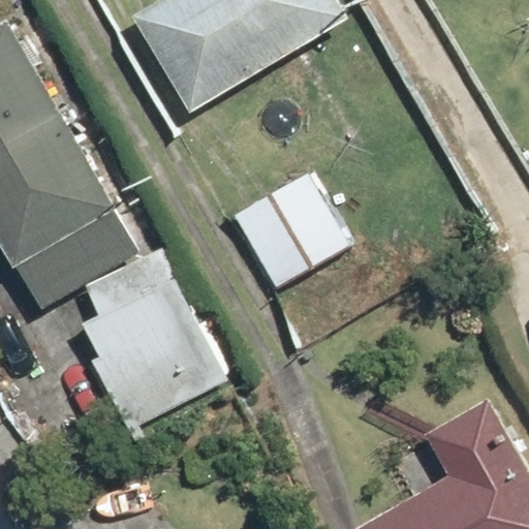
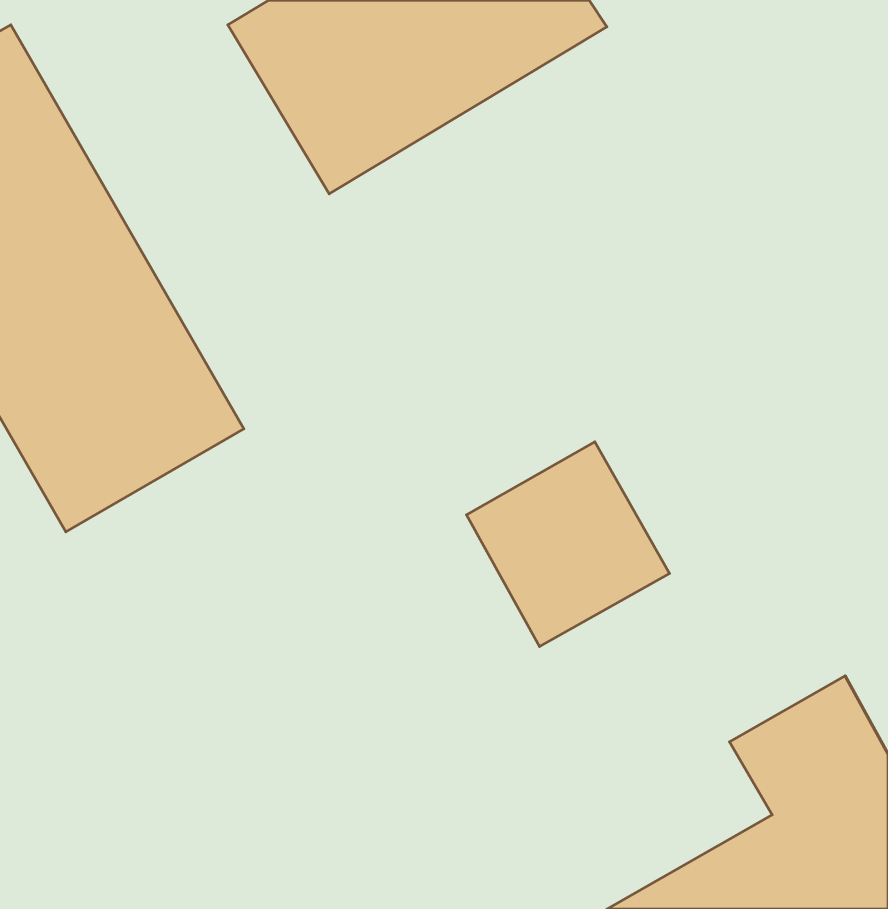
building: [231,170,349,289] -> [467,442,669,647]
building: [81,249,231,440] -> none

